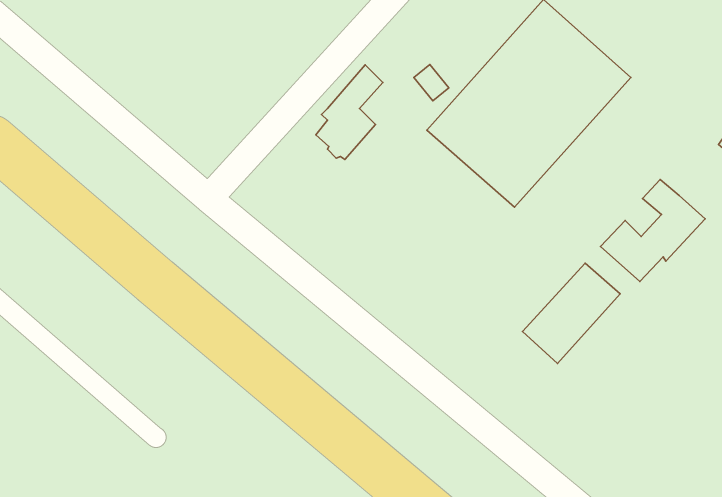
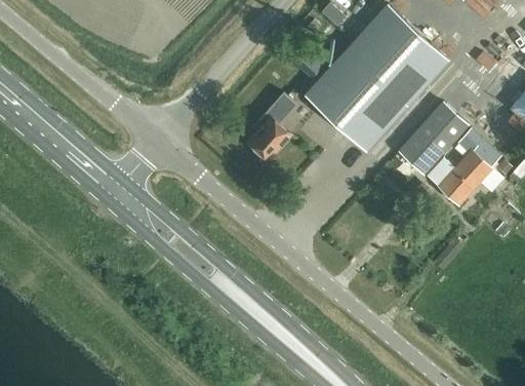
building: [316,65,383,160] -> [248,93,295,160]
building: [523,263,620,364] -> [399,104,468,175]

